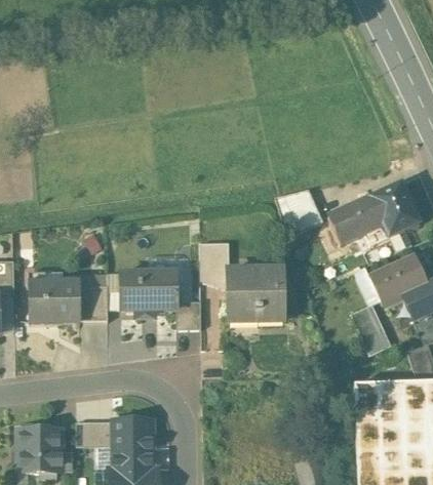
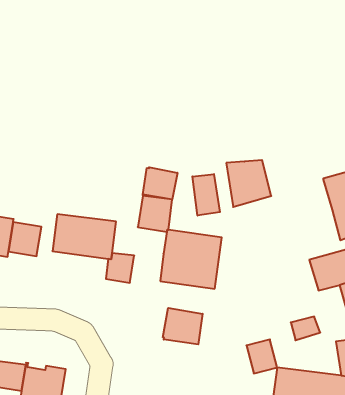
building: [328,198,384,245] -> none
building: none -> [192,174,220,216]
building: none -> [143,167,177,199]
building: [350,305,383,339] -> [246,339,277,373]
building: none -> [163,308,203,344]

